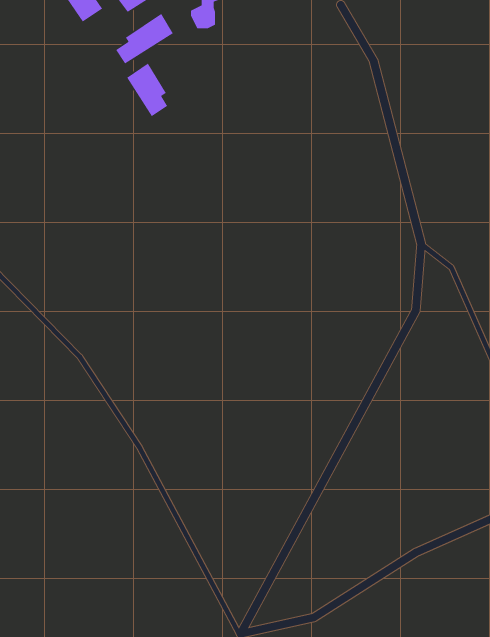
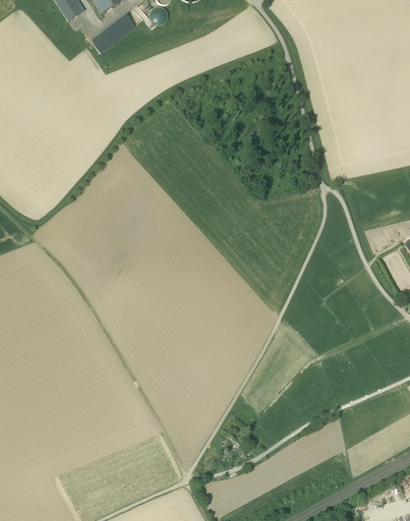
building: [126,62,168,117] -> none

